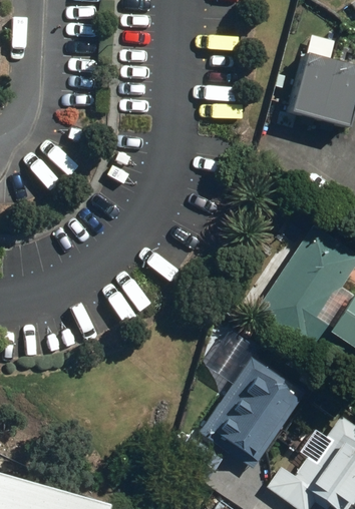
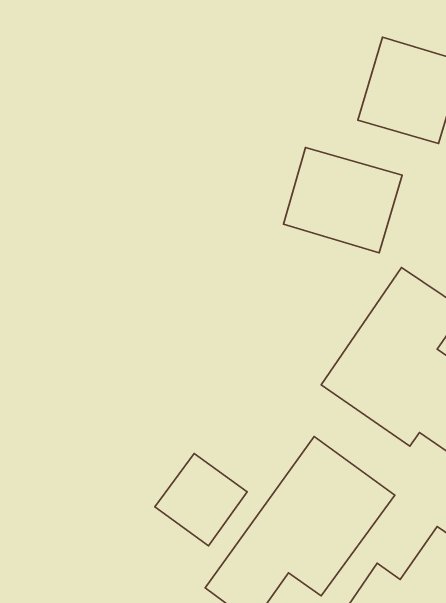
building: none -> [283,148,402,253]
building: none -> [155,454,247,546]

